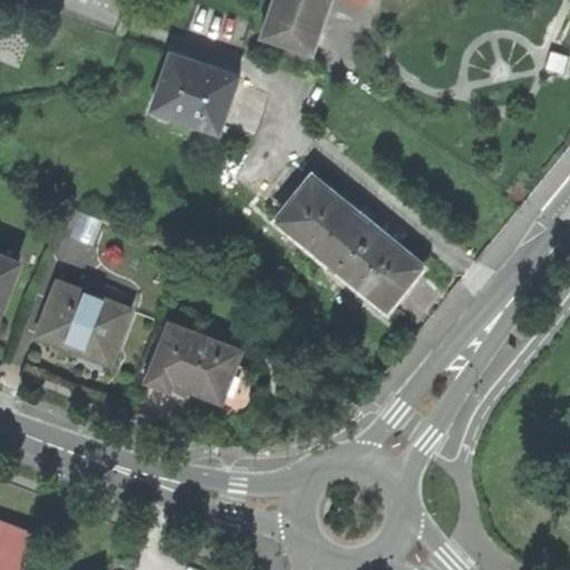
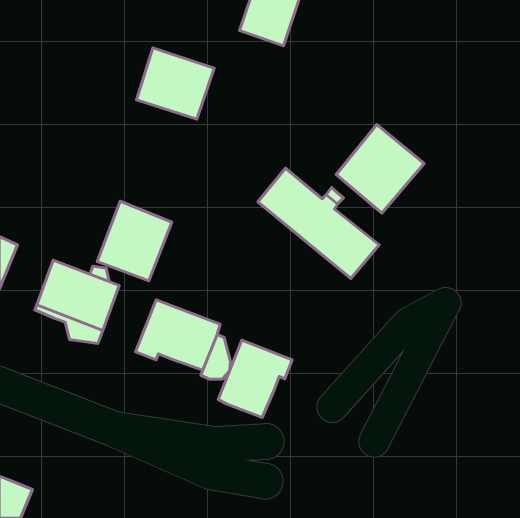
building: none -> [336,124,424,213]
building: none -> [97,201,172,281]
building: none -> [218,340,292,417]

